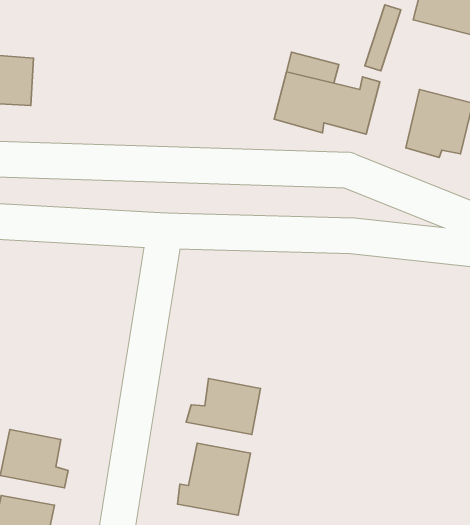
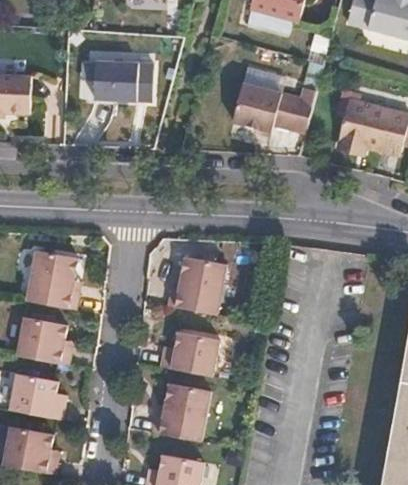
building: none -> [95,60,140,101]
building: none -> [27,249,79,308]
building: none -> [168,256,227,315]
building: none -> [17,316,72,364]

